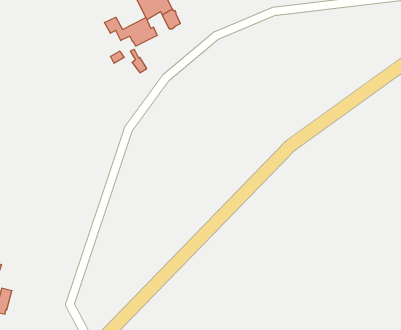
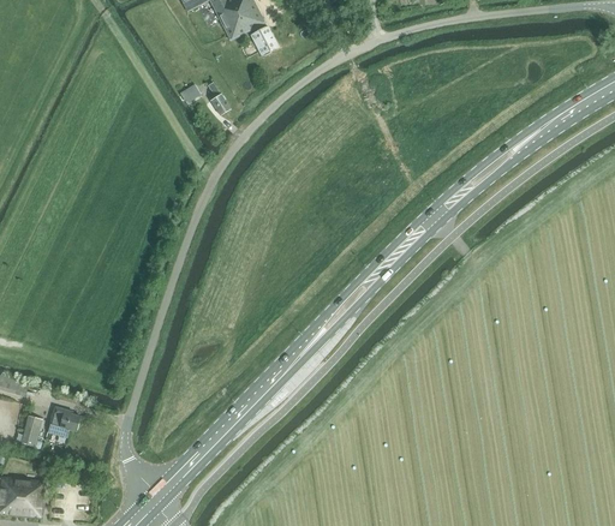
building: [104,17,157,46] -> none
building: none -> [48,405,80,436]

